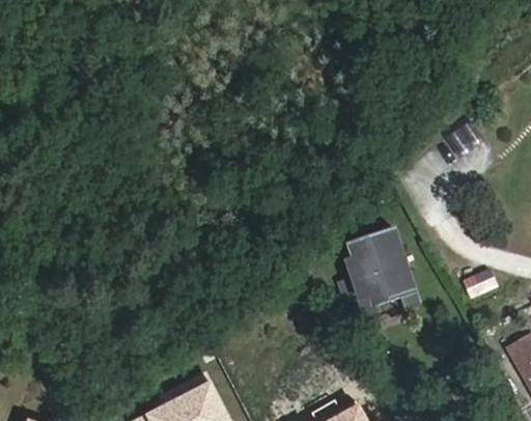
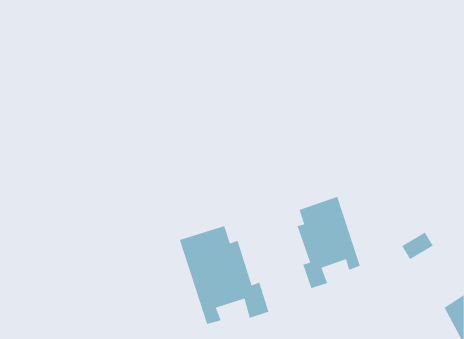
building: none -> [179,225,269,325]

